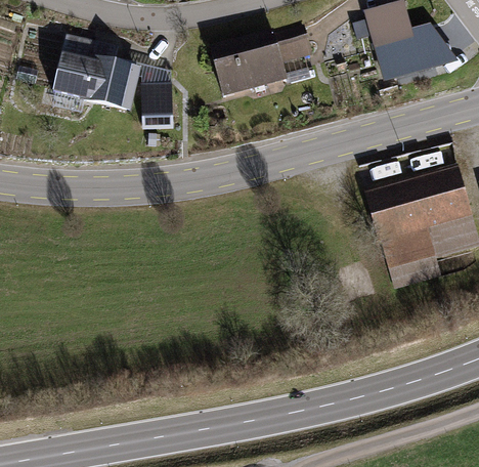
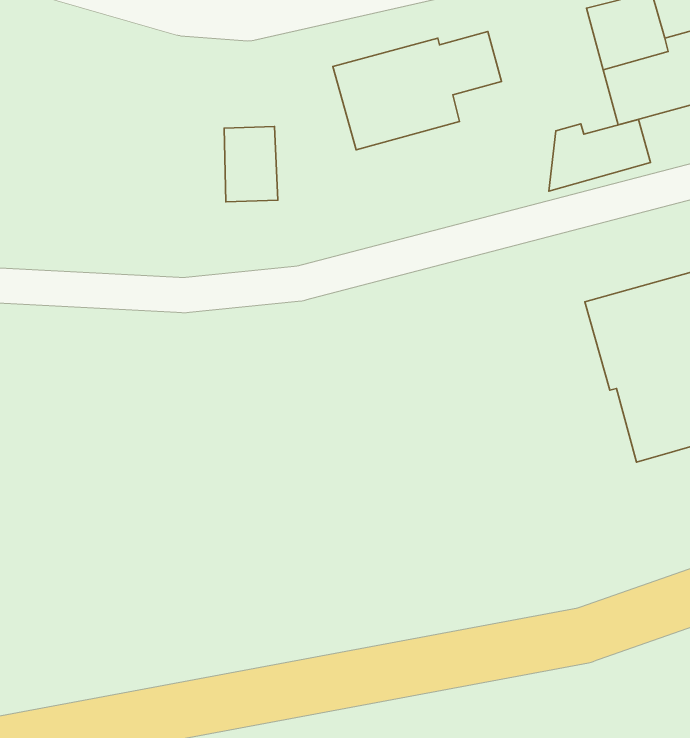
building: [55,35,144,110] -> none
building: none -> [549,119,651,191]

